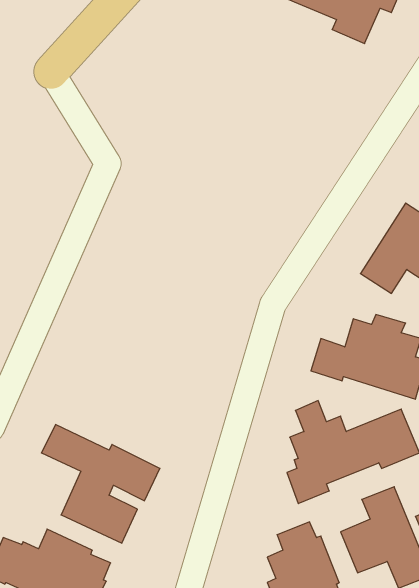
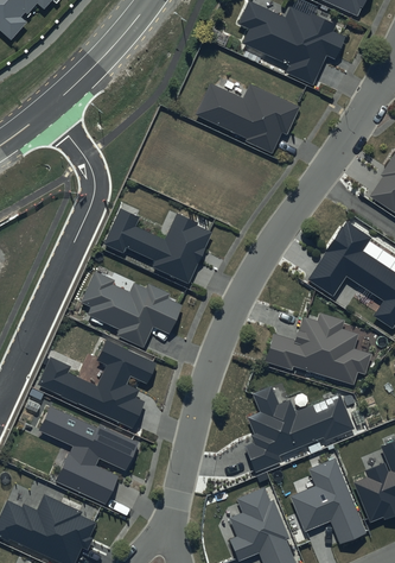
building: none -> [196,84,298,154]
building: none -> [104,209,212,284]
building: none -> [79,271,185,348]
building: none -> [39,340,157,428]

